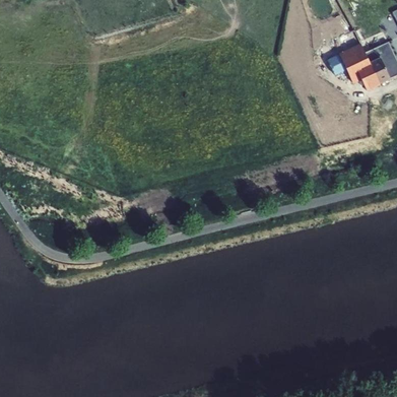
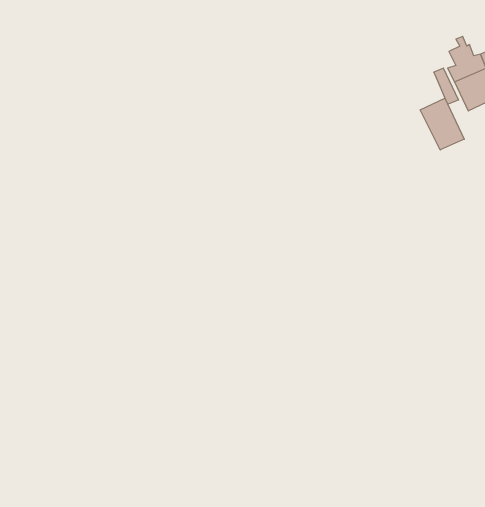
building: none -> [420,98,464,150]

